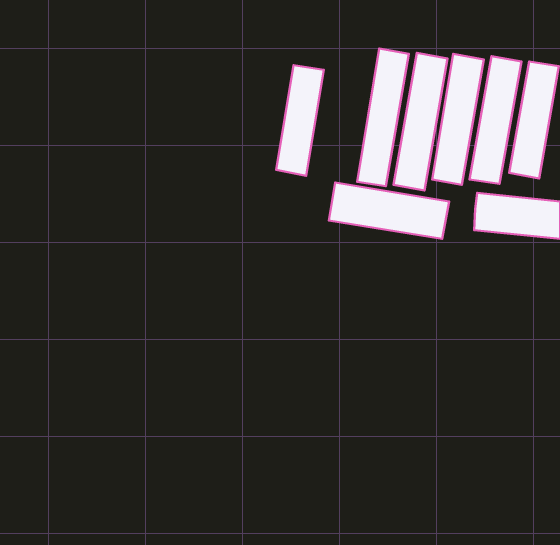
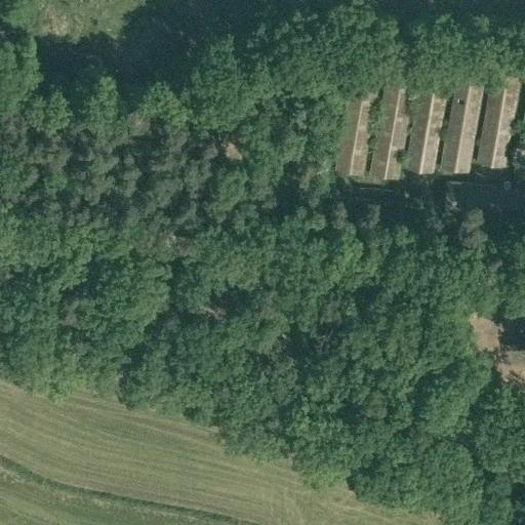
building: [276,65,324,176] -> none
building: [329,183,449,239] -> none

